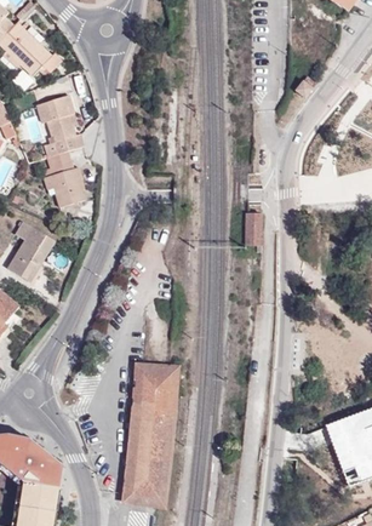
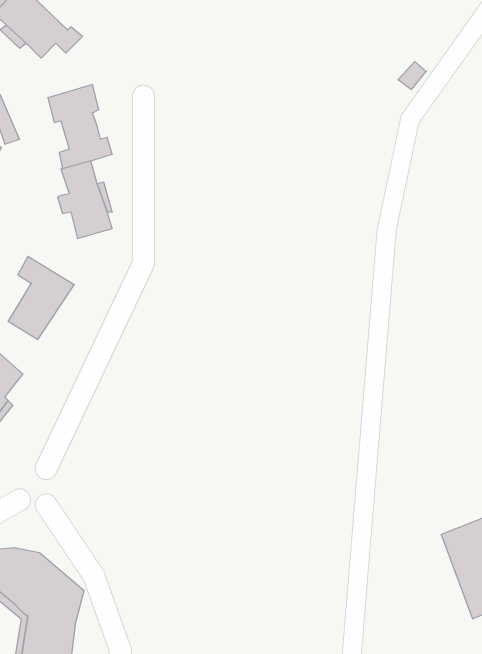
building: [245,211,263,245] -> none
building: [126,365,183,504] -> none

